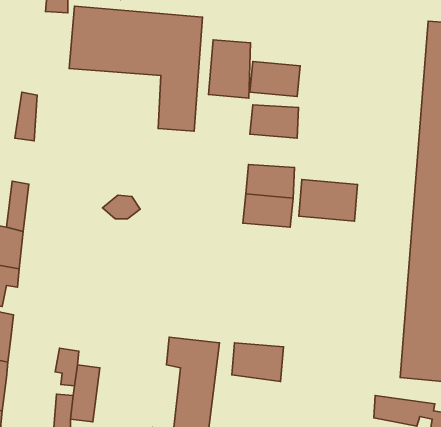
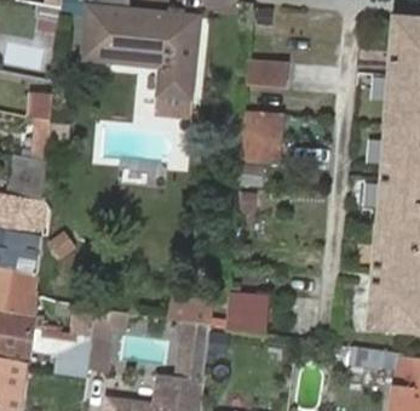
building: [208,40,250,98] -> none
building: [299,179,358,221] -> none

